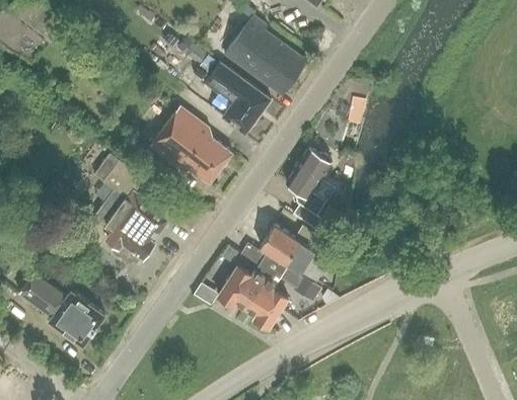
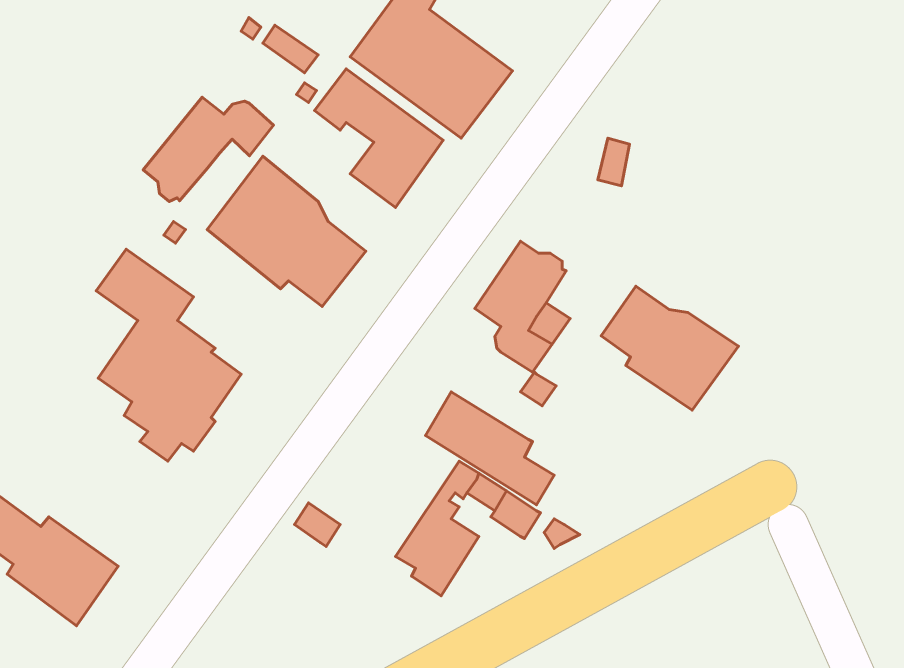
building: none -> [143,97,274,201]
building: none -> [601,286,738,410]
building: [219,246,279,311] -> none

